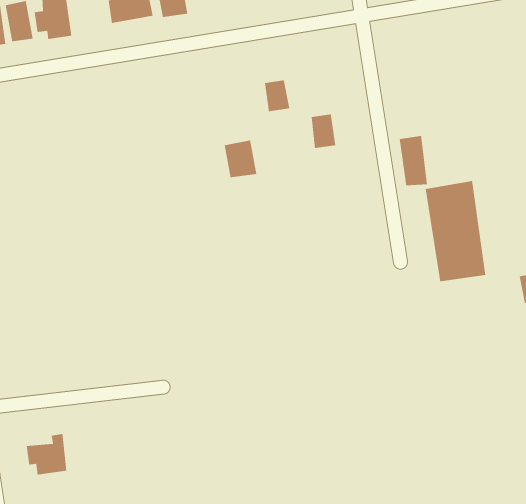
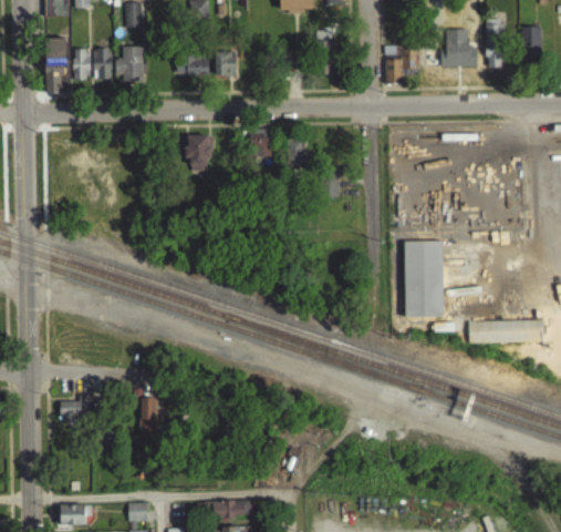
building: none -> [187,134,214,171]
building: [399,135,427,186] -> none
building: [224,140,257,178] -> [250,129,273,156]
building: none -> [139,397,162,437]

